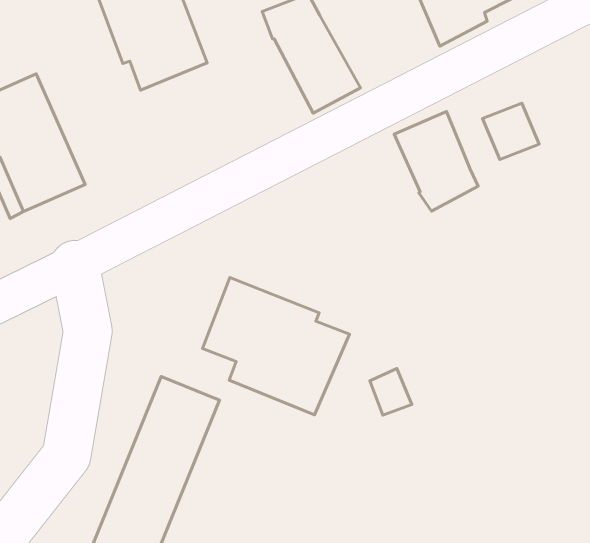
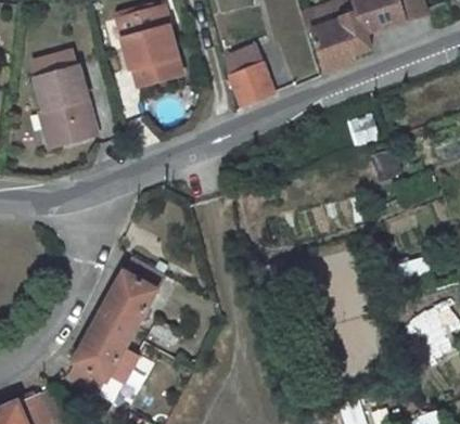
building: [394,111,478,211] -> none
building: [203,278,350,415] -> none

